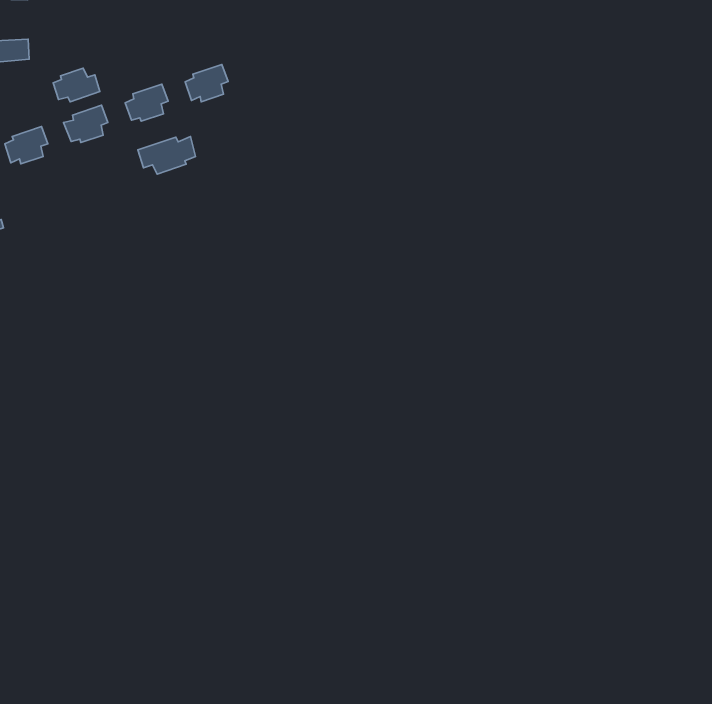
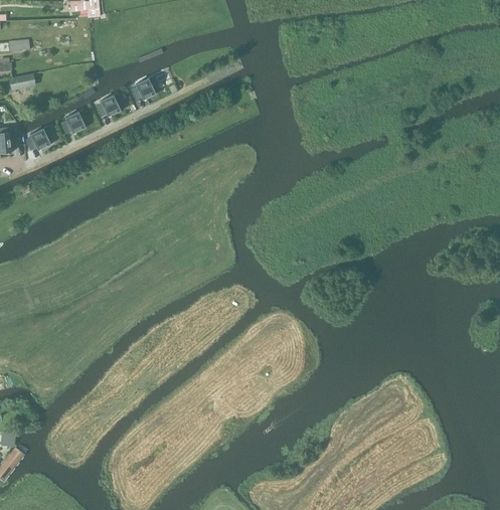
building: [53,68,100,102] -> none
building: [138,136,196,174] -> none

